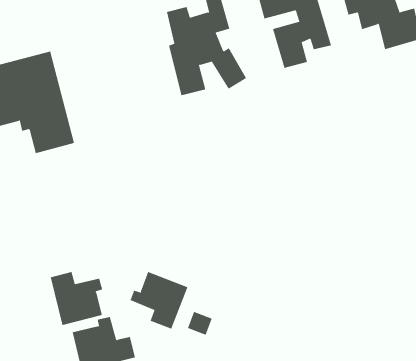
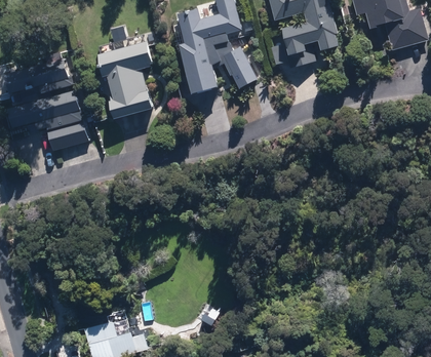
building: none -> [96,42,153,118]
building: [130,271,188,330] -> none
building: [50,271,103,326] -> none

